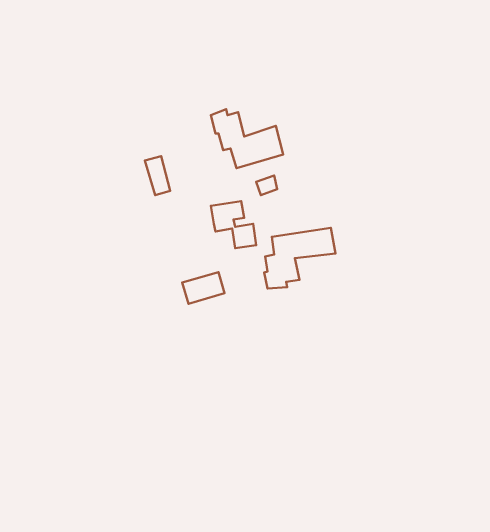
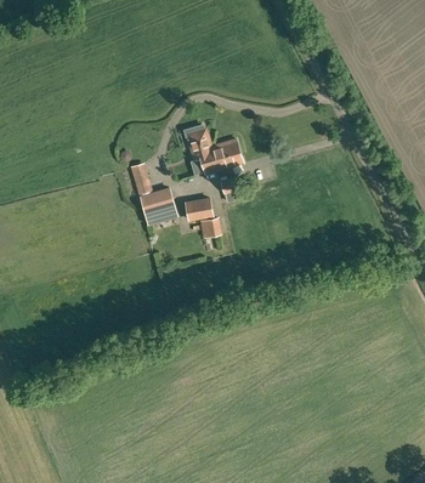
building: [264,228,335,289] -> none
building: [182,272,224,304] -> [141,189,175,215]

